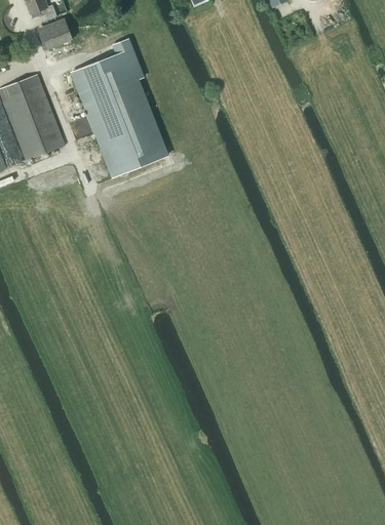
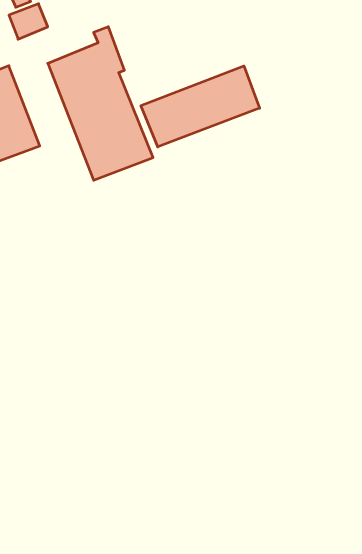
building: none -> [141,66,260,147]

